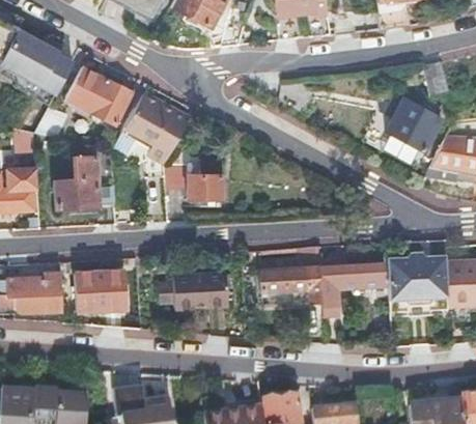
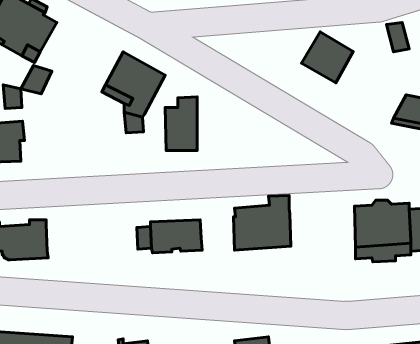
building: [67,66,132,123] -> none
building: [386,96,441,150] -> [302,32,353,83]
building: [57,151,115,208] -> none
building: [319,257,384,314] -> none
building: [74,270,125,309] -> none

